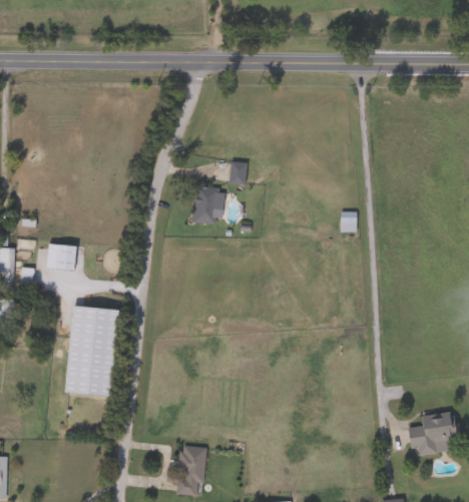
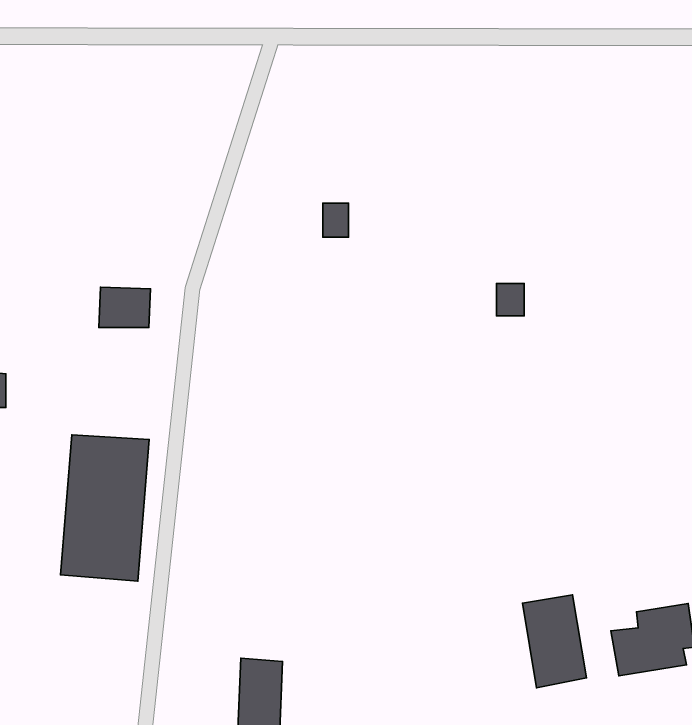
building: [193,186,223,223] -> none
building: [46,243,78,269] -> [99,287,150,327]
building: none -> [522,595,586,688]

